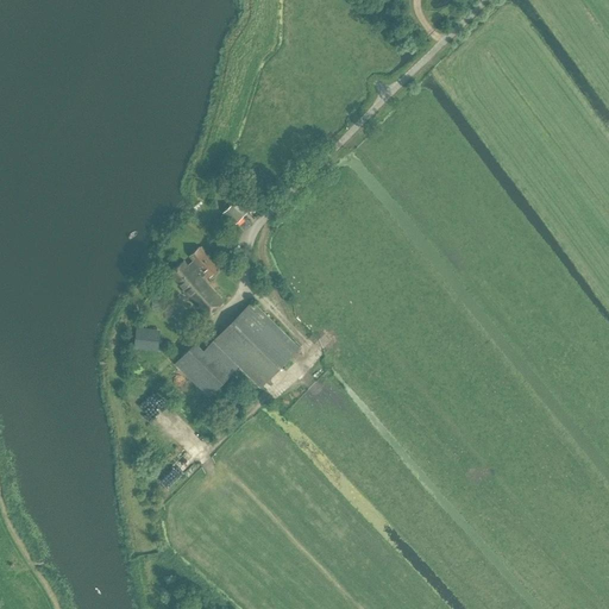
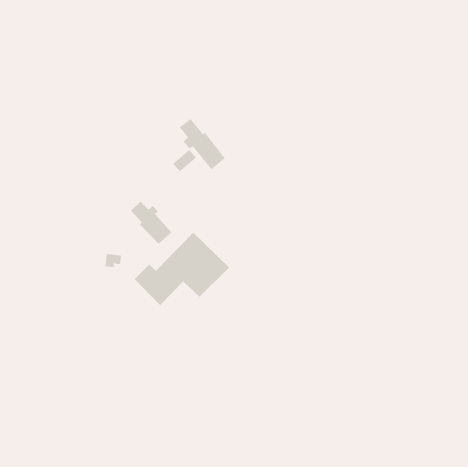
building: none -> [179,118,225,170]
building: [187,247,220,281] -> none

